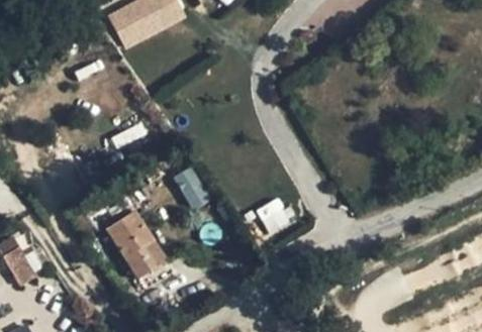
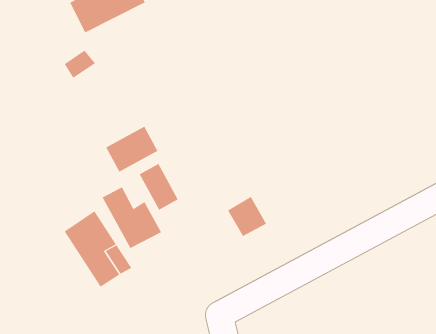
building: none -> [106,126,158,172]
building: none -> [102,186,162,249]

